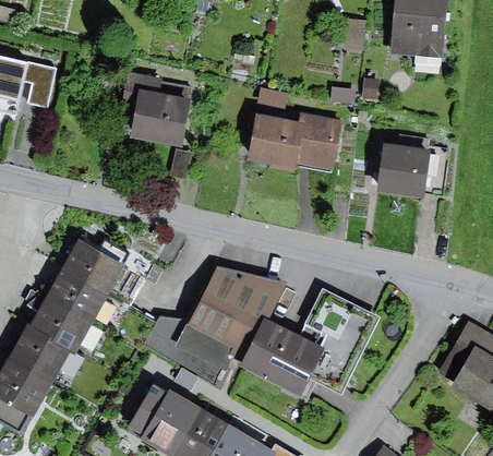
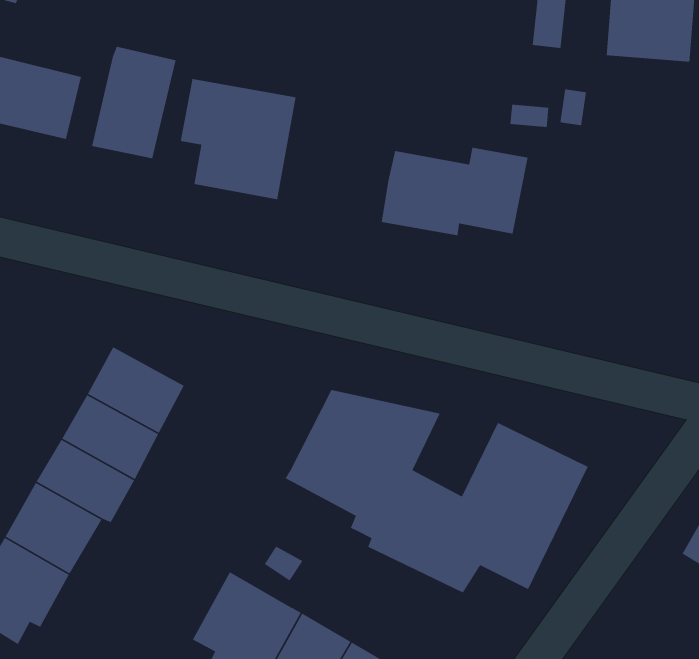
building: none -> [91,46,176,159]
building: [376,133,433,199] -> none
building: [142,314,232,383] -> none

